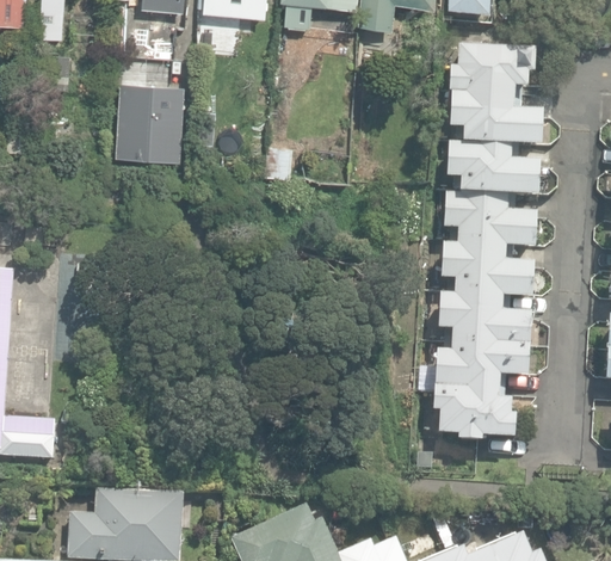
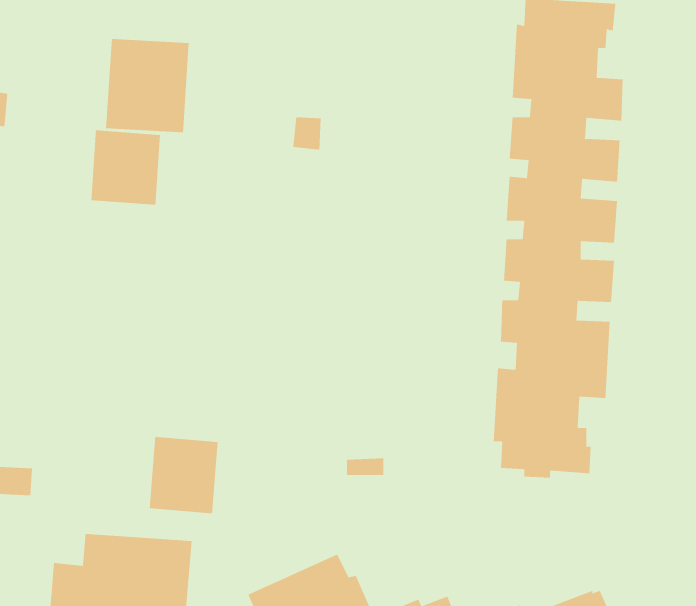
building: none -> [91,130,161,206]
building: none -> [149,436,218,514]

